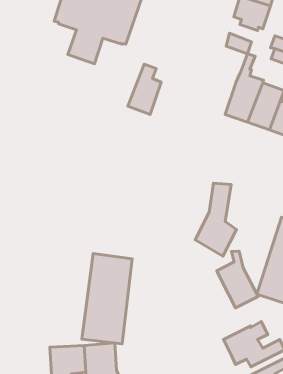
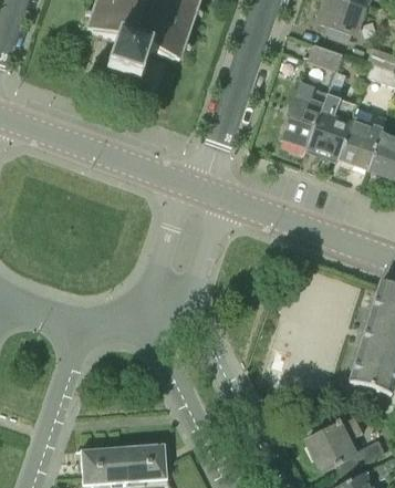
building: [128,64,161,115] -> [279,83,322,148]
building: [195,183,237,256] -> none
building: [217,251,258,308] -> none
building: [82,254,132,344] -> none

